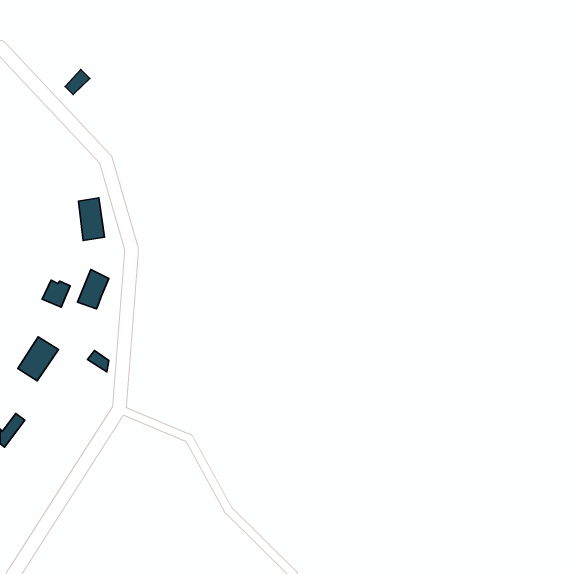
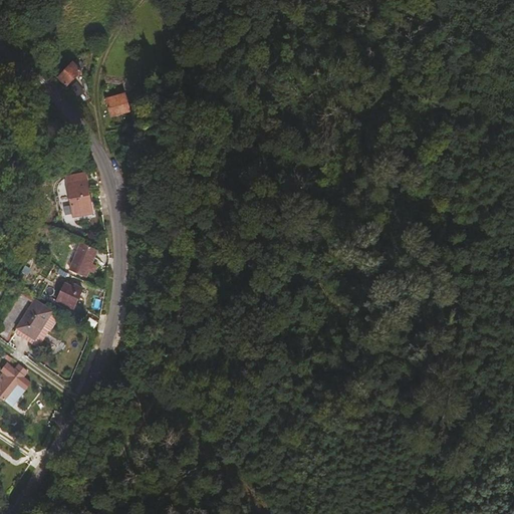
building: none -> [104,93,130,116]
building: [42,280,70,307] -> [56,283,81,307]

